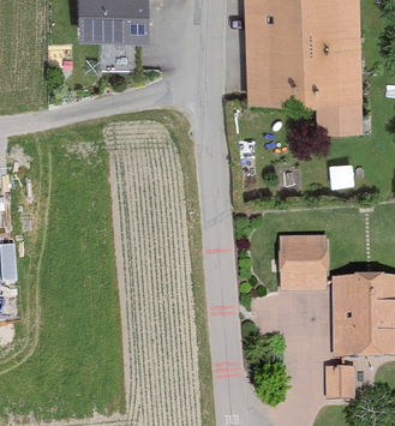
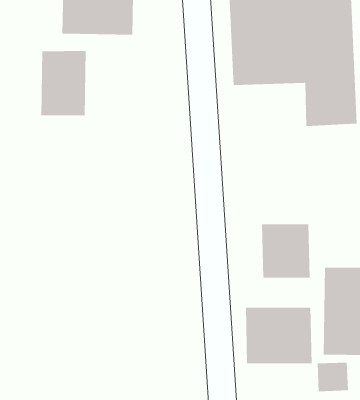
building: none -> [41,50,86,116]
building: none -> [245,307,312,364]

